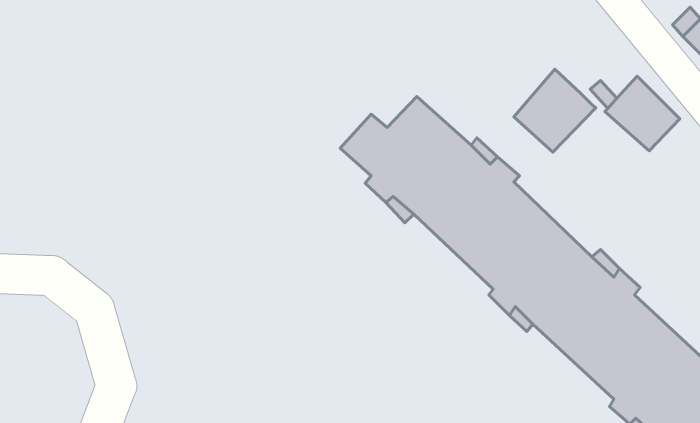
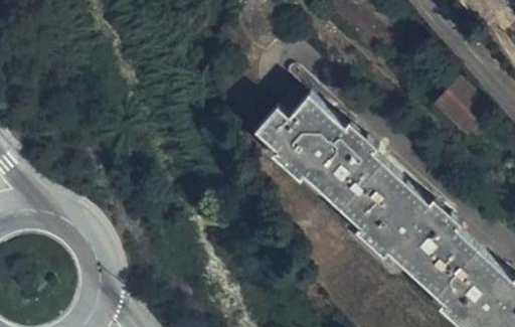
building: [514,69,596,152] -> none

